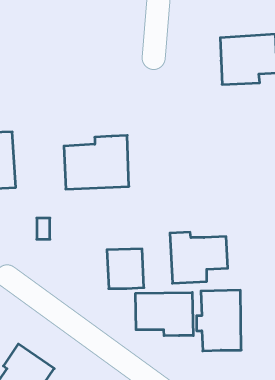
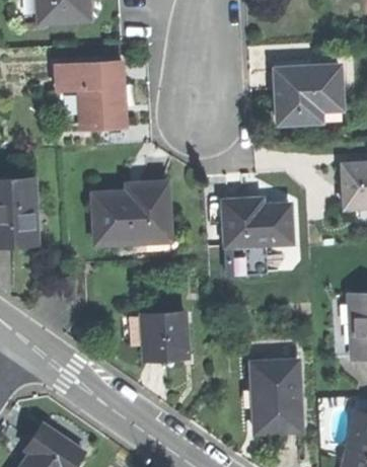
building: none -> [56,62,127,127]
building: [170,232,228,283] -> [224,201,291,259]
building: [136,292,193,336] -> none

